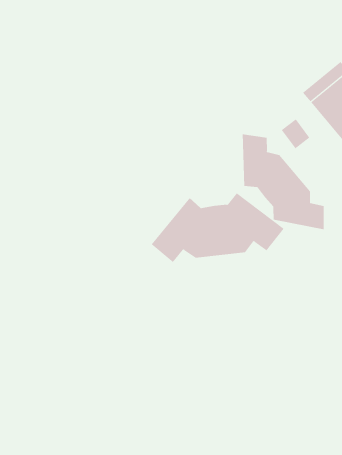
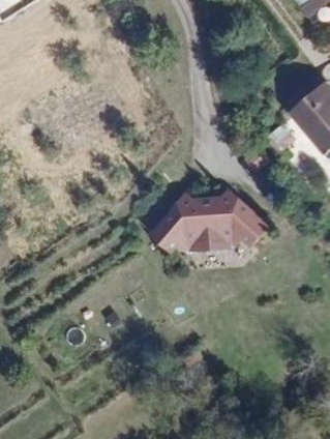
building: [242,133,324,230] -> none

